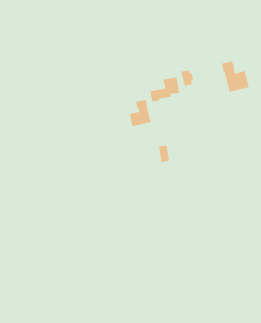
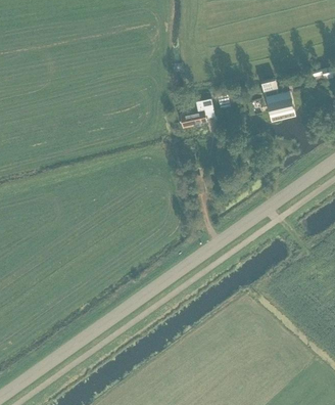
building: [129,99,151,127] -> none

